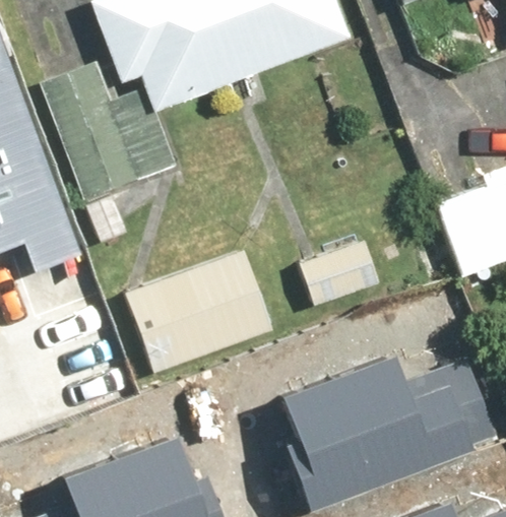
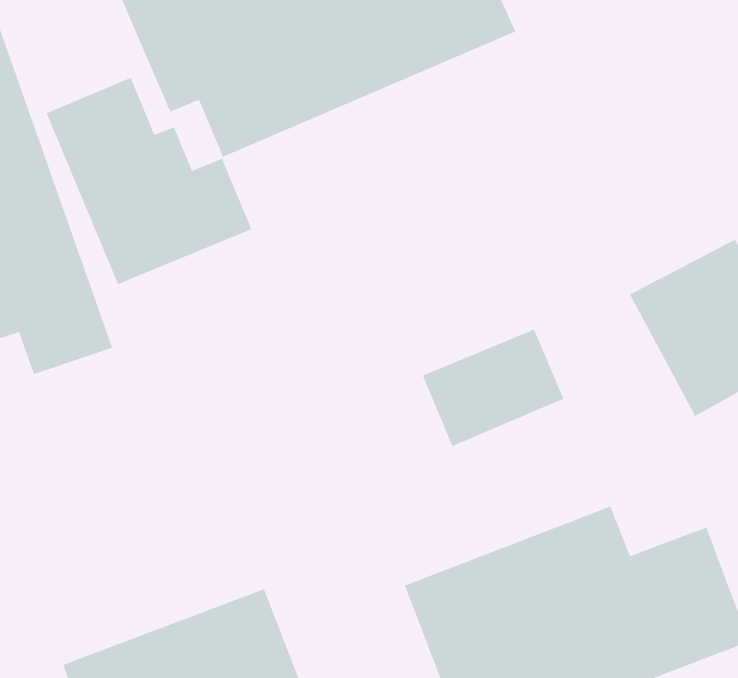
building: [118,246,274,382] -> none

